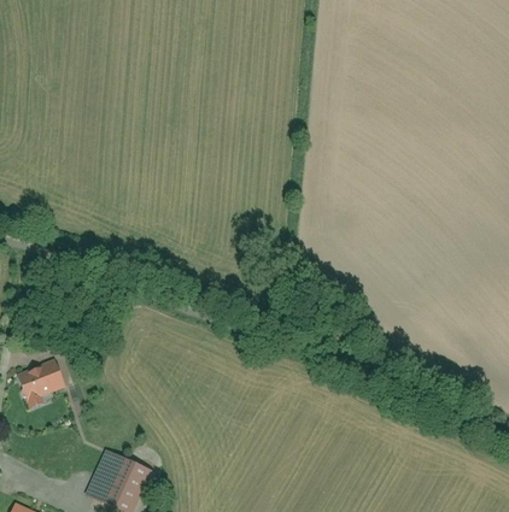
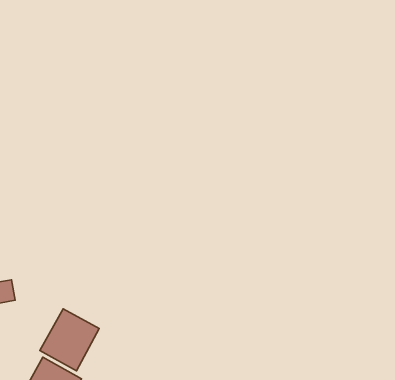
building: none -> [40,309,99,371]

